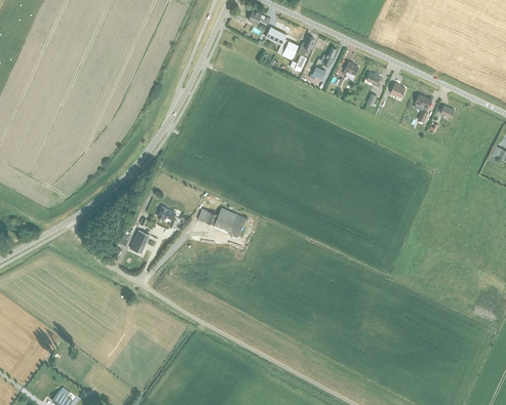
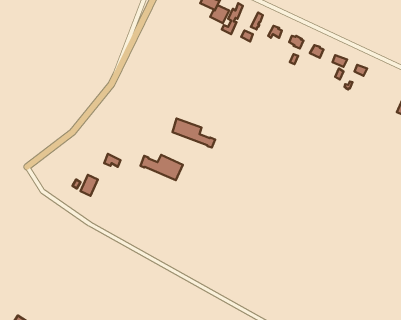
building: none -> [172,119,215,148]

